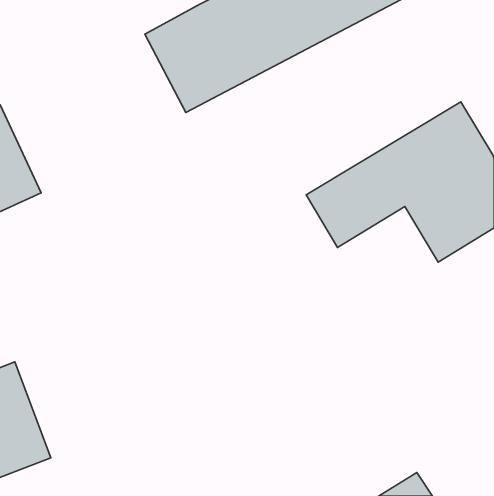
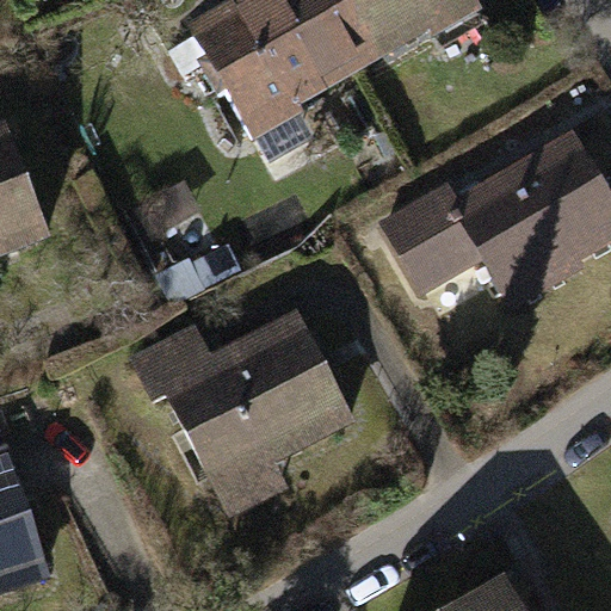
building: none -> [132,297,370,510]

